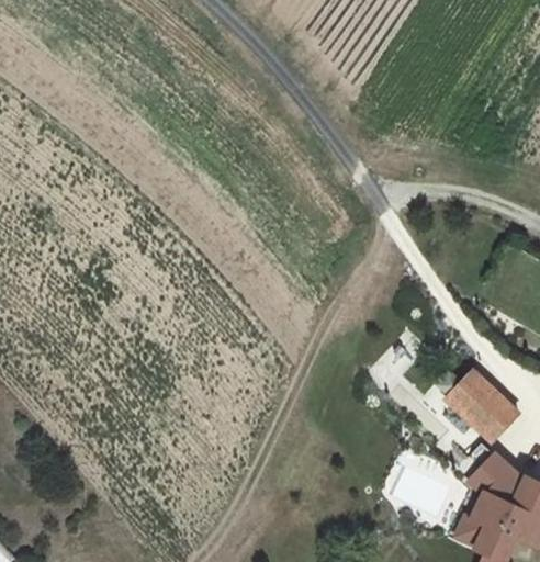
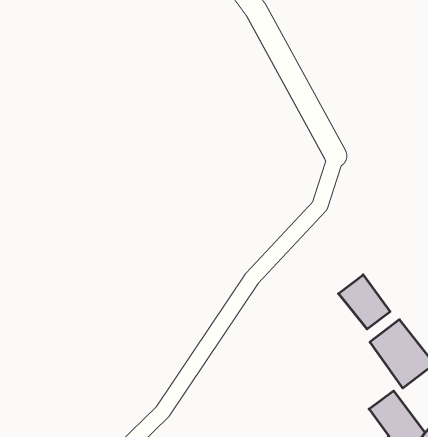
building: none -> [338,275,390,329]

